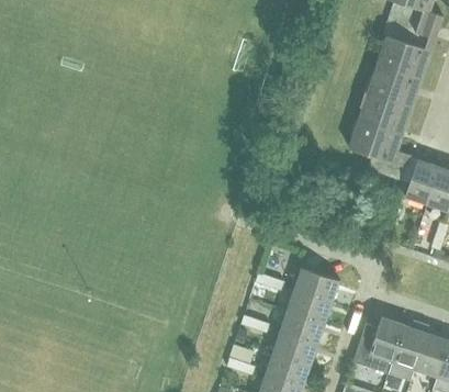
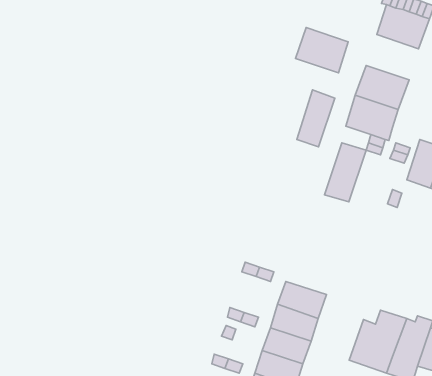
building: [368,64,416,105] -> [295,27,348,73]
building: none -> [297,90,335,147]
building: none -> [324,143,366,202]
building: [294,268,339,303] -> none

